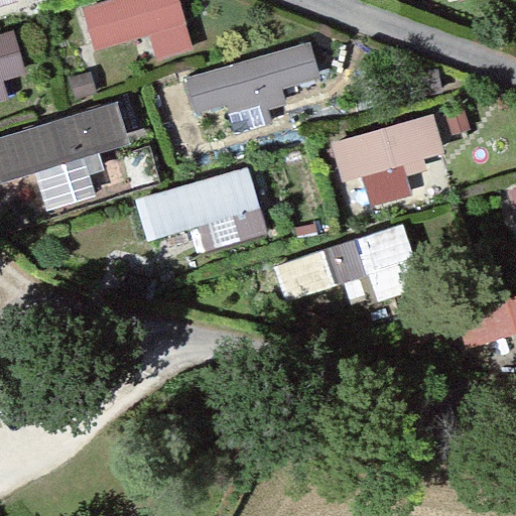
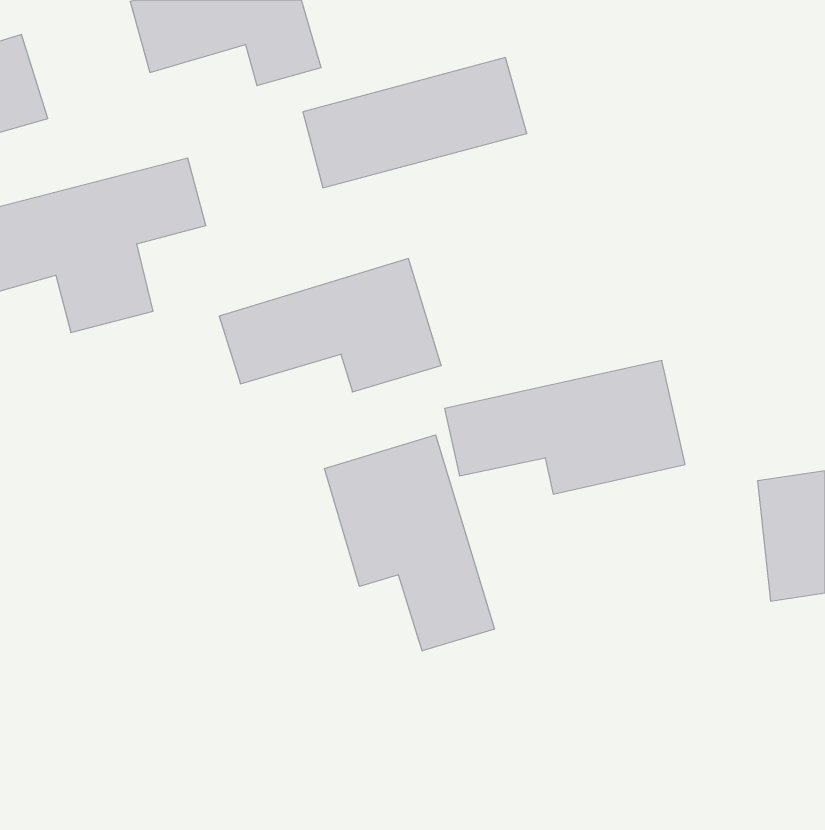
building: [336,111,439,210] -> none
building: none -> [324,435,494,651]

